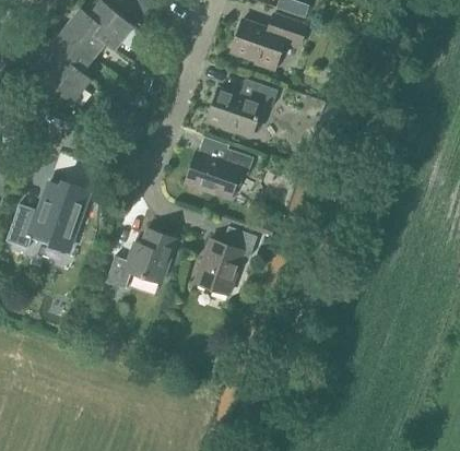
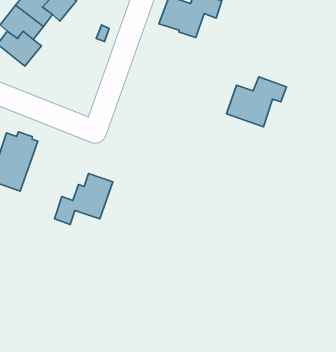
building: [207,78,278,137] -> [226,77,287,127]
building: [186,149,252,198] -> none
building: [194,225,256,294] -> none

